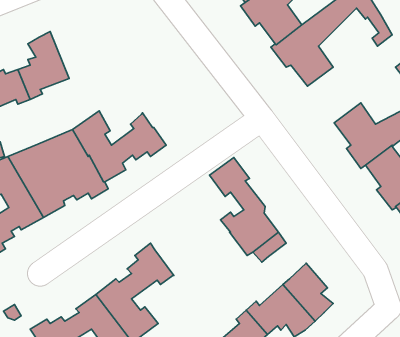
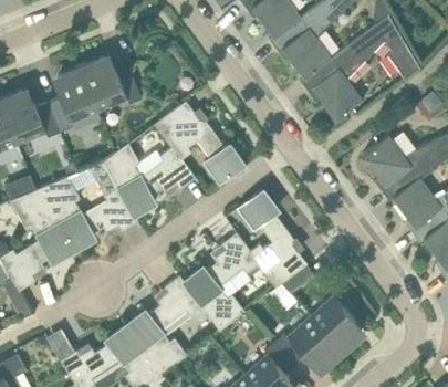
building: none -> [80,59,142,112]
building: none -> [154,101,243,182]
building: none -> [184,233,259,331]

